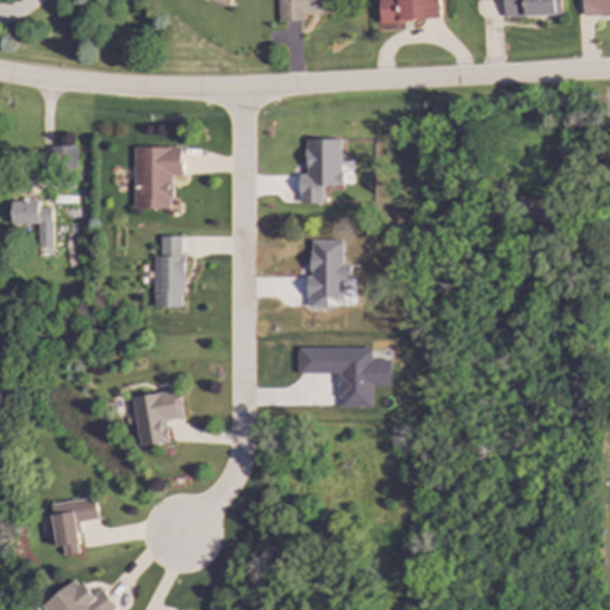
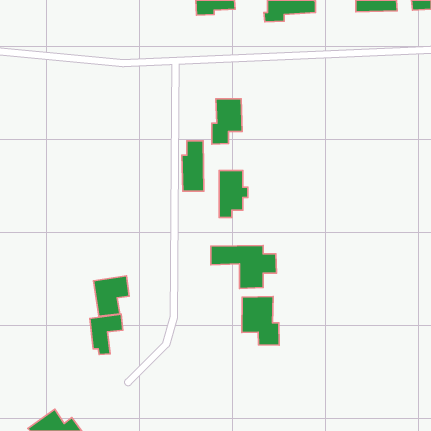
building: [132,147,182,210] -> none
building: [11,200,51,247] -> none
building: [152,236,183,307] -> [182,141,204,191]
building: none -> [242,297,279,345]
building: [51,498,98,555] -> [90,314,123,355]

